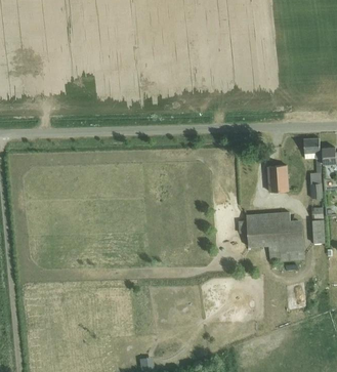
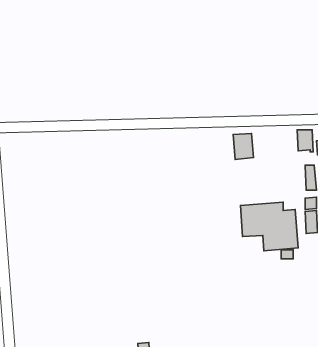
building: [267,165,288,192] -> [233,133,253,160]

